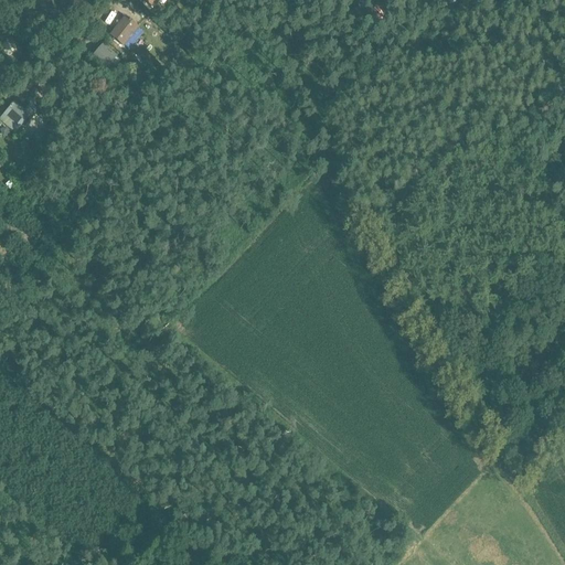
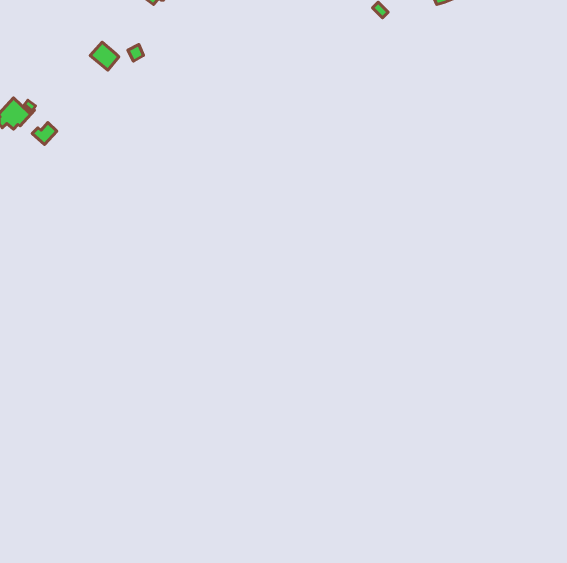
building: [107,11,138,43] -> none

